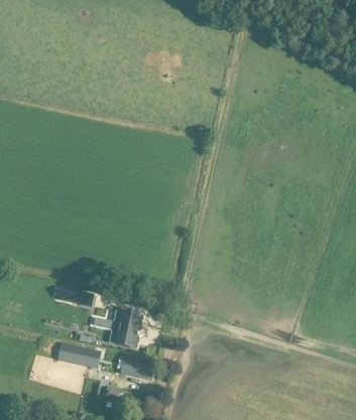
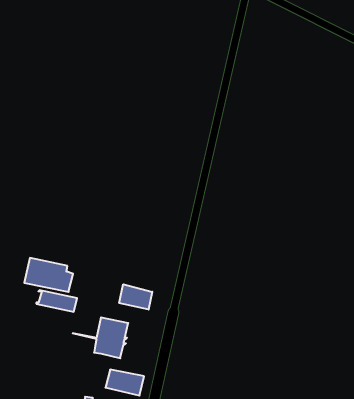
building: none -> [119,284,152,310]
building: [57,337,101,368] -> [24,258,73,292]

